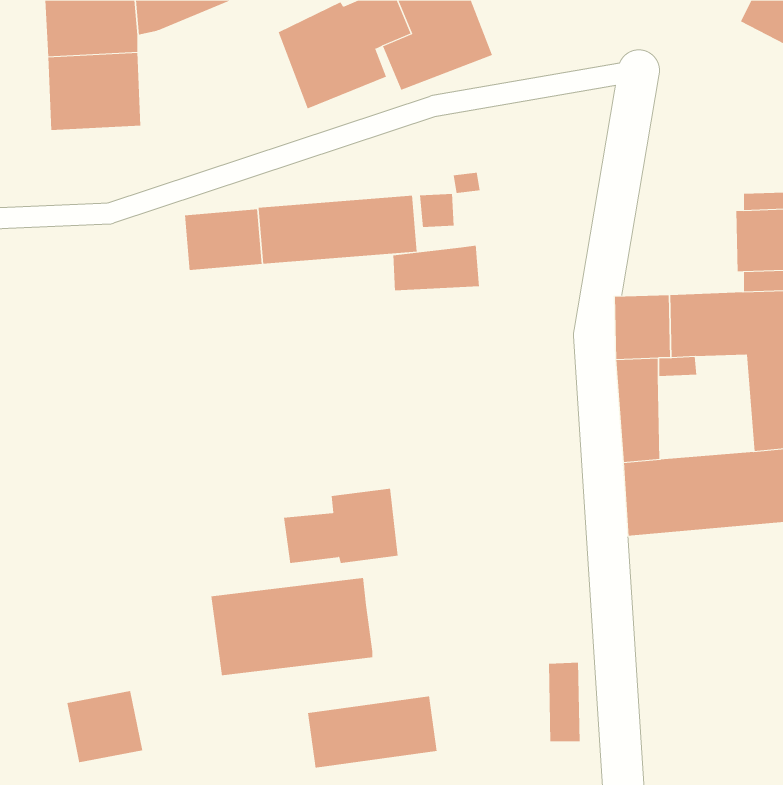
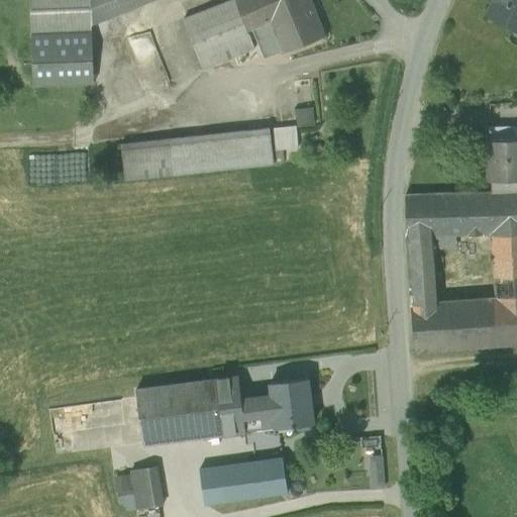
building: [393,245,480,291] -> none
building: [283,488,398,564] -> [242,379,318,428]
building: [66,691,143,763] -> [114,464,165,512]

